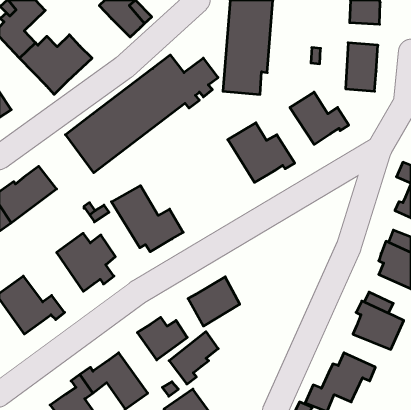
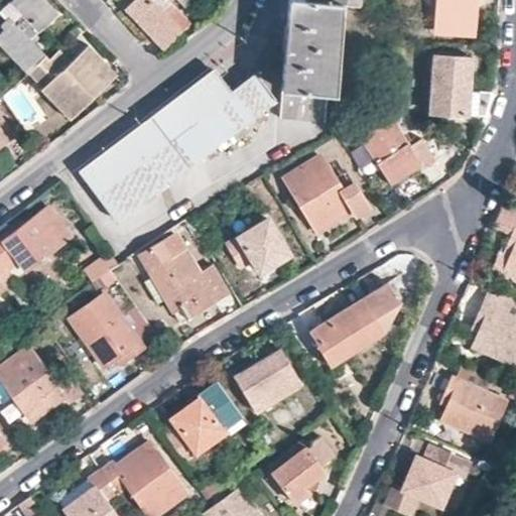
building: none -> [227,219,288,271]
building: none -> [305,276,399,365]
building: [169,332,218,384] -> [273,438,335,504]

